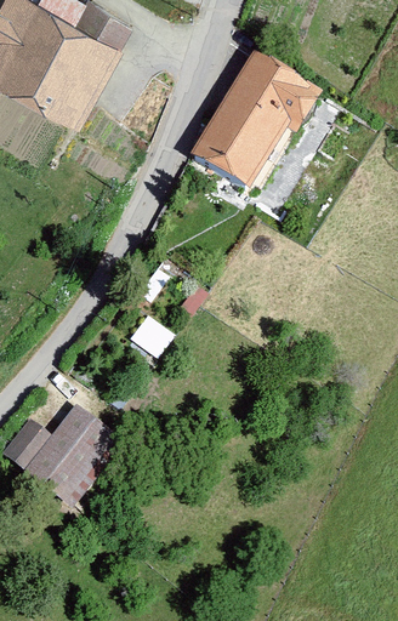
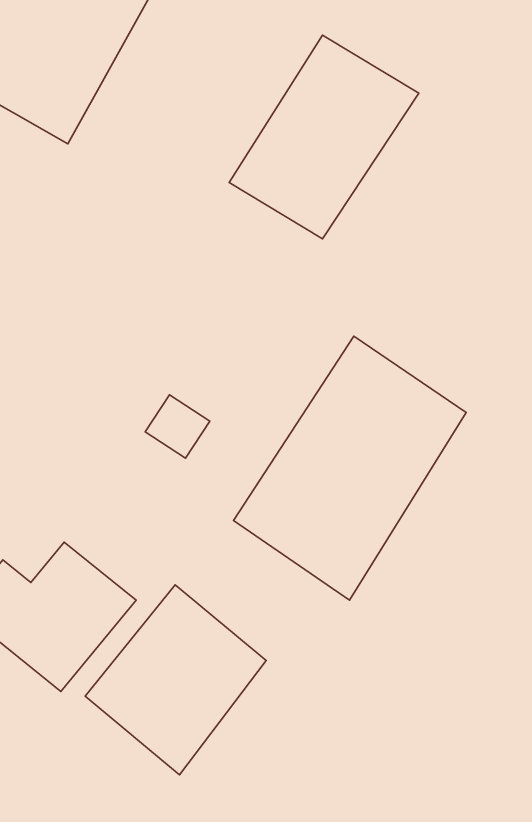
building: none -> [234,336,466,600]
building: none -> [85,585,266,775]

